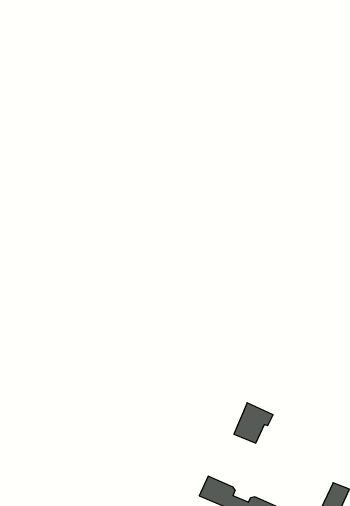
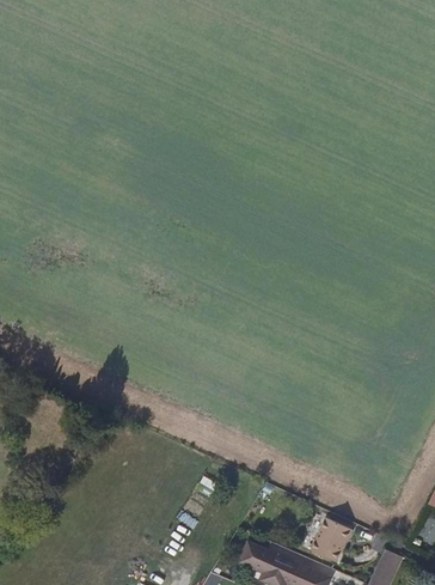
building: [234,403,273,443] -> [310,517,353,561]

